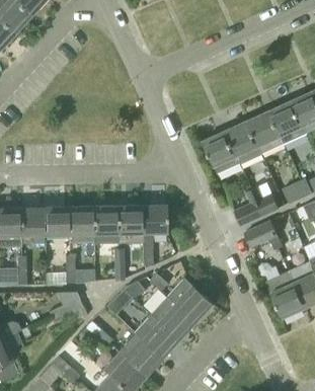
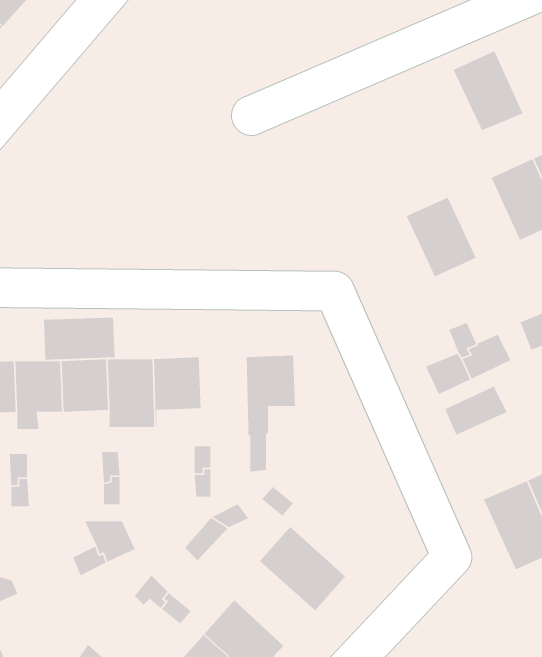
building: [247,111,285,154] -> [453,50,524,131]
building: [203,132,240,174] -> none
building: none -> [43,317,115,361]
building: [116,206,142,243] -> none
building: [164,276,210,321] -> none
building: [135,313,177,358] -> none

